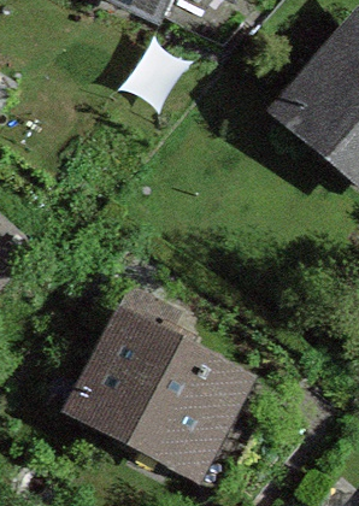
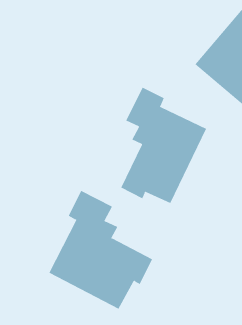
building: none -> [120,87,207,204]

